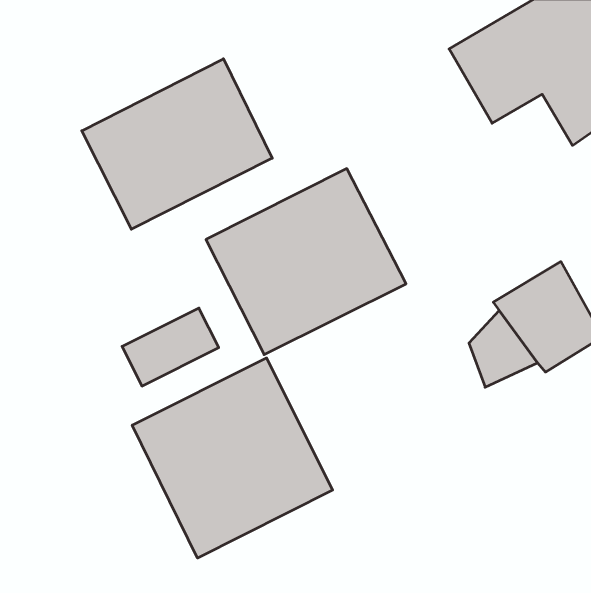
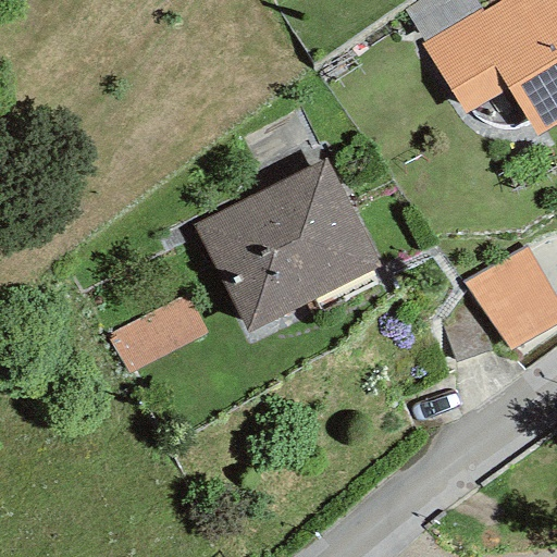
building: [82,59,272,229] -> none
building: [132,358,333,558] -> none

